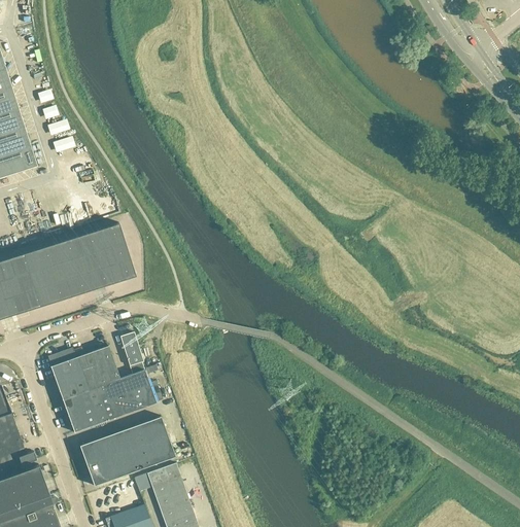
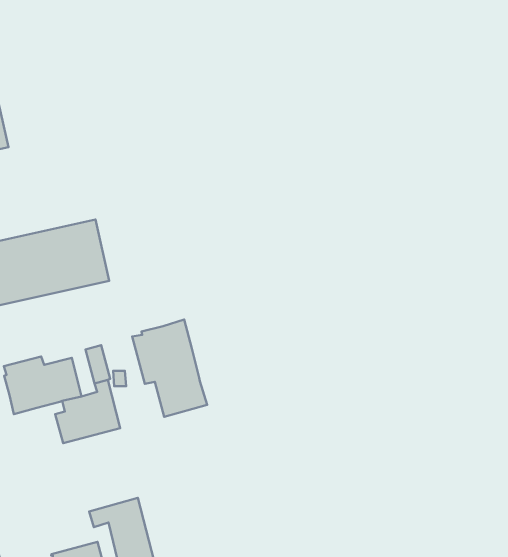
building: none -> [132,319,207,417]
building: [62,385,107,433] -> none
building: [79,417,175,487] -> none

